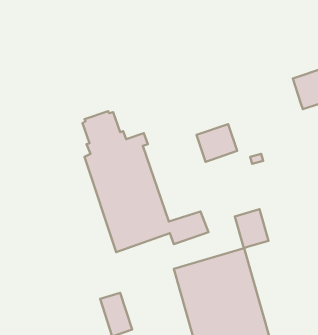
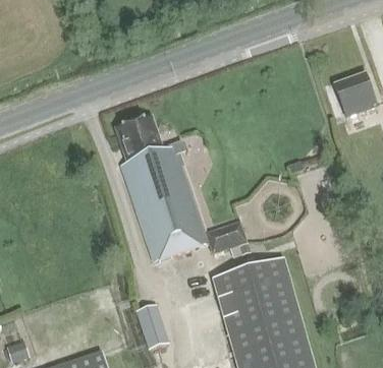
building: [196,124,237,162] -> none
building: [235,209,268,248] -> none

